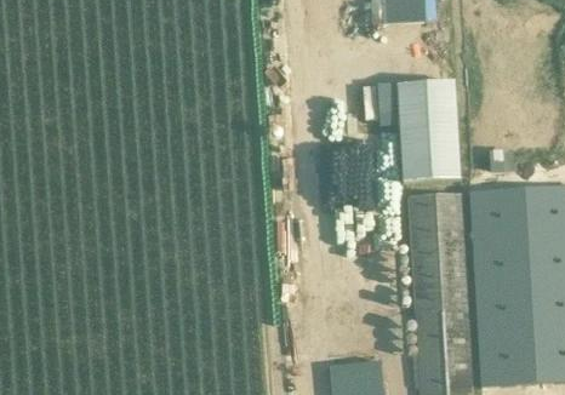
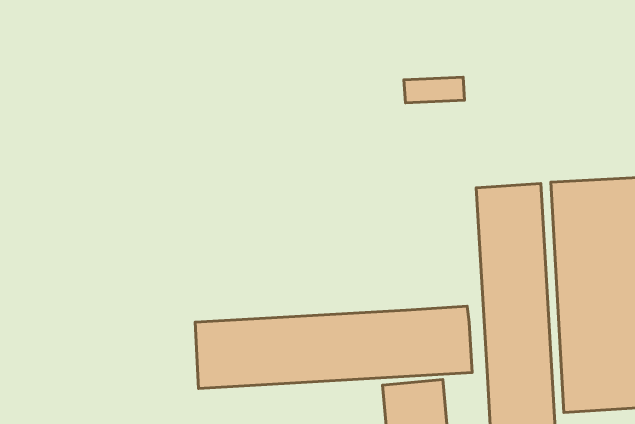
building: [398,78,462,181] -> none
building: none -> [195,306,472,389]

